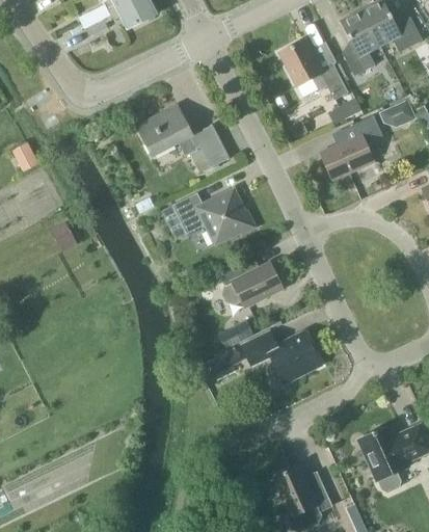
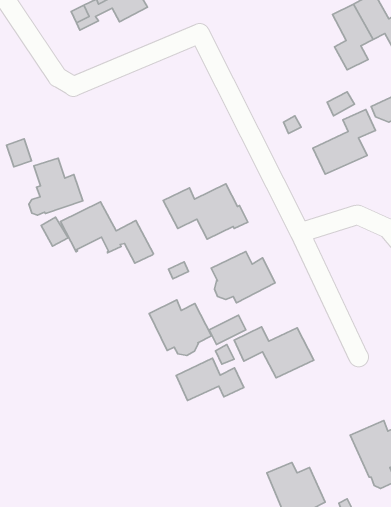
building: [279,39,348,101] -> none
building: [137,106,230,167] -> [61,202,154,263]
building: none -> [29,158,83,215]
building: none -> [149,300,212,356]
building: none -> [176,358,244,400]

